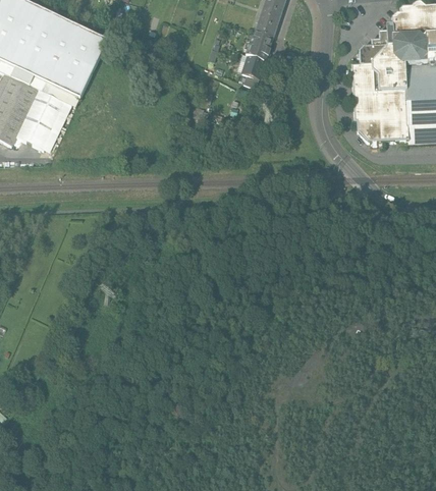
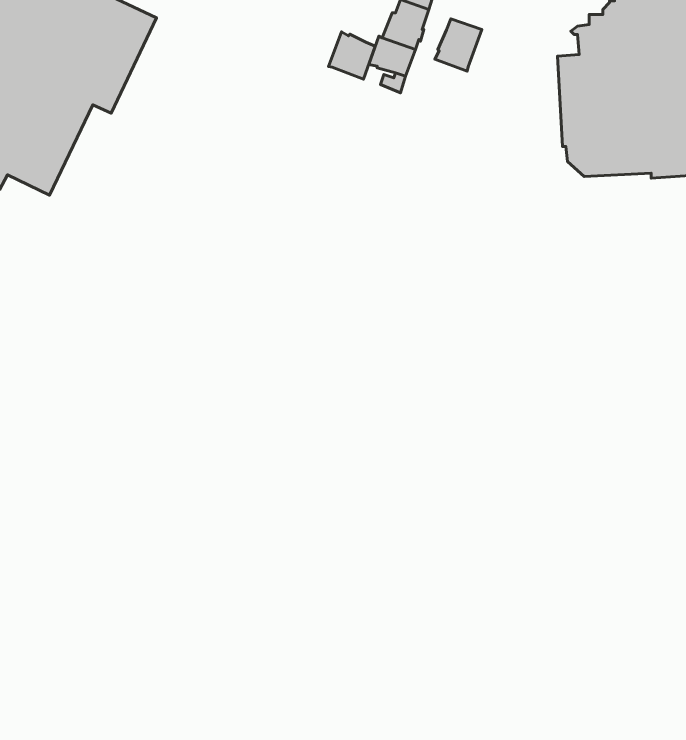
building: none -> [435,19,482,71]
building: none -> [329,32,375,79]

